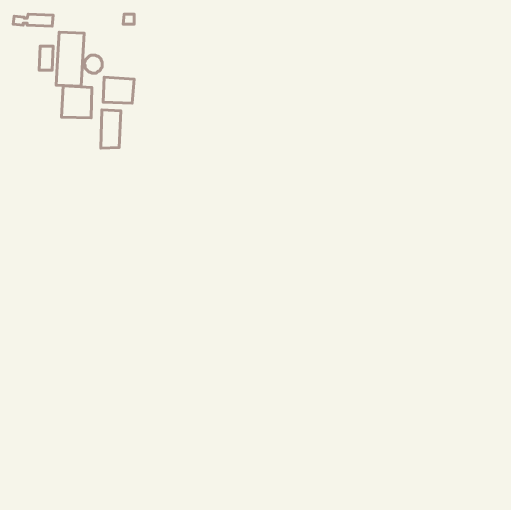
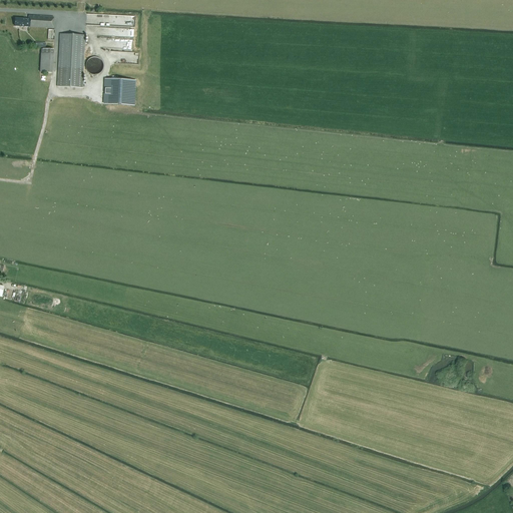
building: [61,86,92,118] -> none
building: [101,110,121,148] -> none

